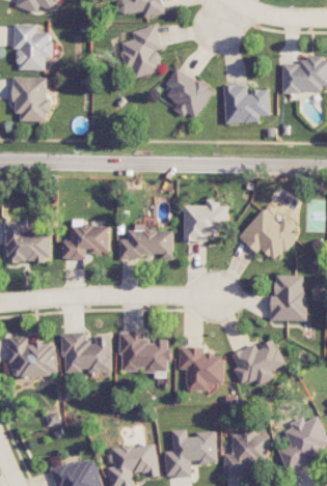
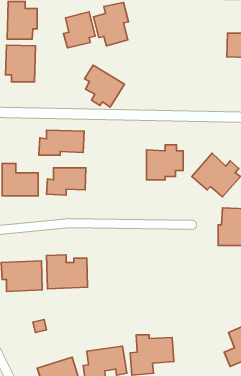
building: none -> [64,12,95,48]
building: [164,67,213,118] -> [85,65,125,107]
building: [222,84,269,123] -> none
building: [117,229,172,259] -> [39,130,84,155]
building: [119,331,168,377] -> none
building: [230,339,283,385] -> none
building: [178,346,223,390] -> none
building: [222,428,268,475] -> none

